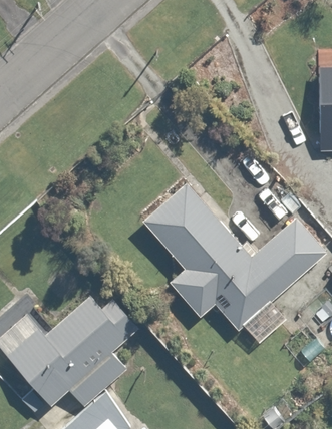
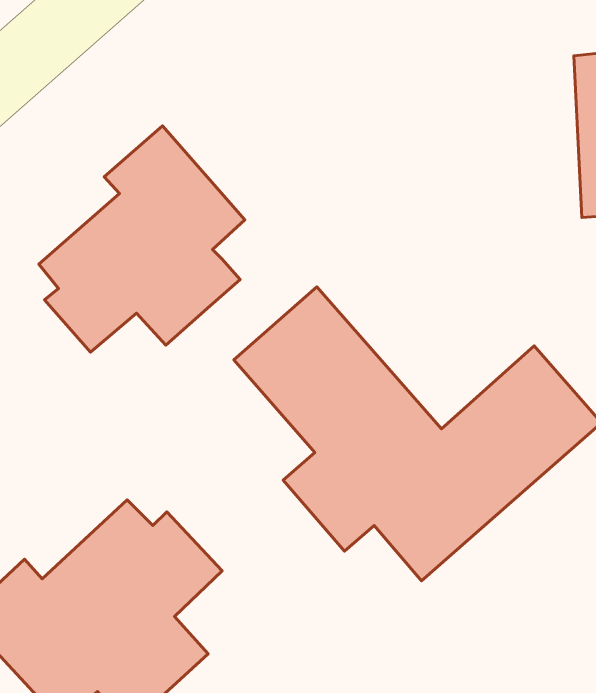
building: none -> [39,126,245,352]

